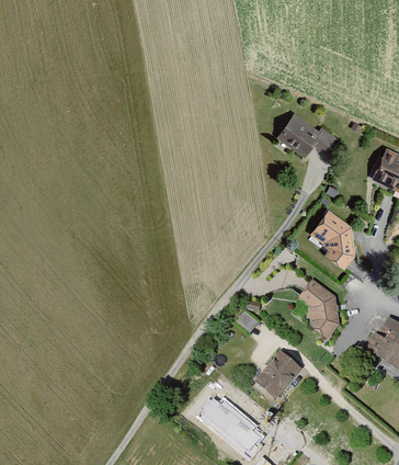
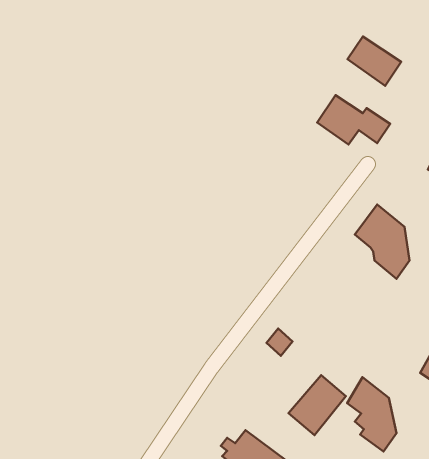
building: none -> [348,37,401,86]
building: [298,276,340,339] -> [347,377,397,451]

